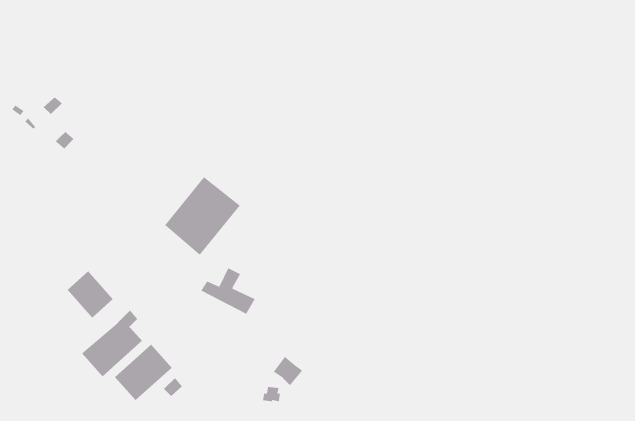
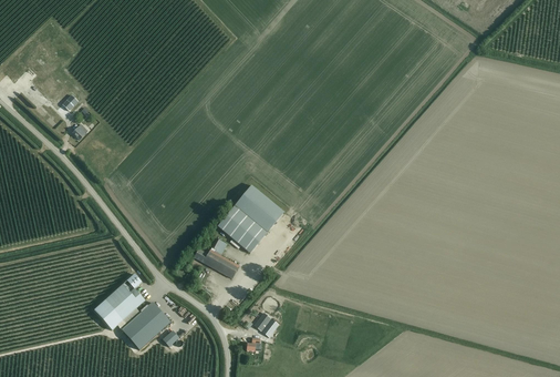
building: [164,176,241,256] -> [218,185,282,252]
building: [67,271,114,318] -> none

